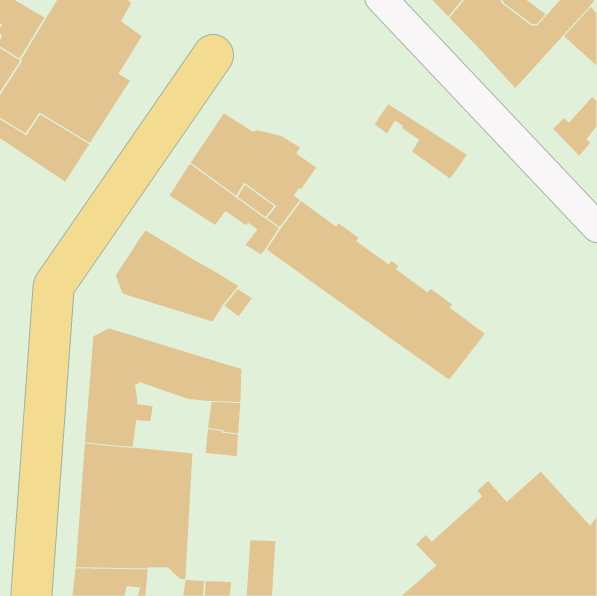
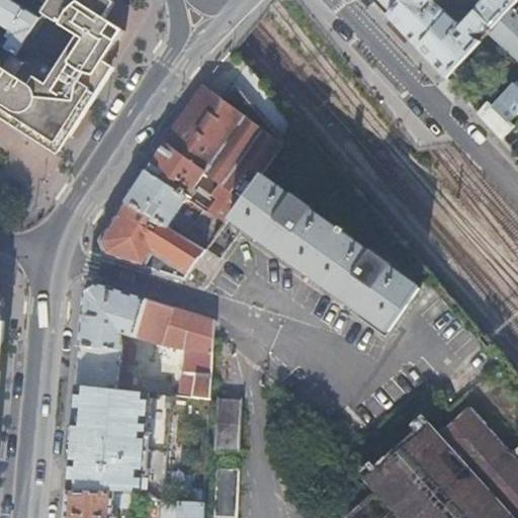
building: [374,103,468,180] -> none
building: none -> [125,169,226,247]
building: none -> [212,397,243,446]

